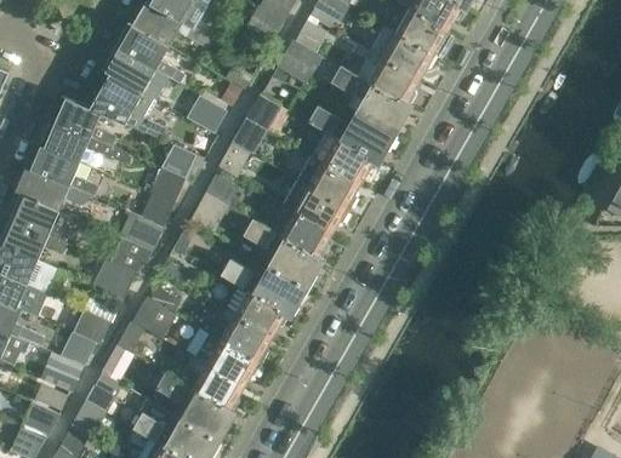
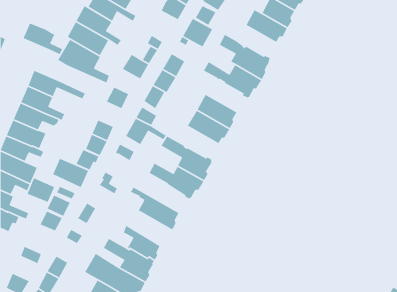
building: [357,45,420,101] -> none
building: [52,95,114,144] -> [22,22,63,55]
building: [312,131,376,183] -> none
building: [149,167,186,205] -> none
building: [270,204,332,254] -> none
building: [224,288,289,336] -> none
building: [132,297,177,338] -> none
building: [192,332,262,385] -> none
building: [40,351,84,390] -> [26,177,55,203]
building: [86,373,123,411] -> none
building: [19,401,61,437] -> none

